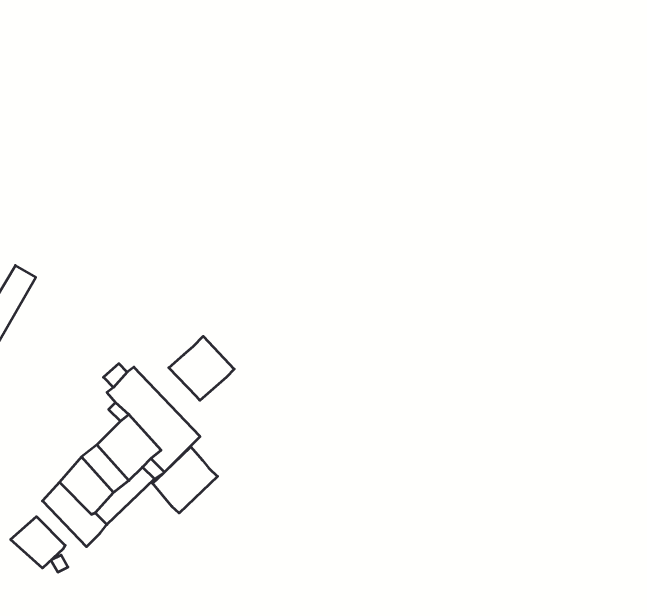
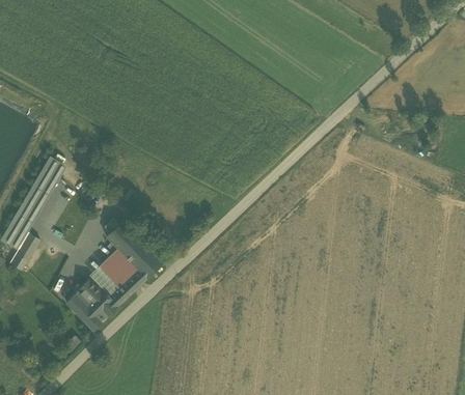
building: [169,336,234,400] -> none
building: [152,447,218,513] -> none
building: [11,517,65,568] -> none

